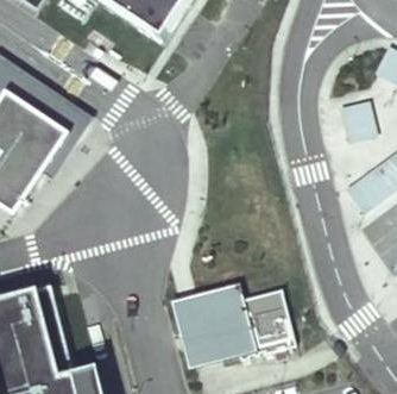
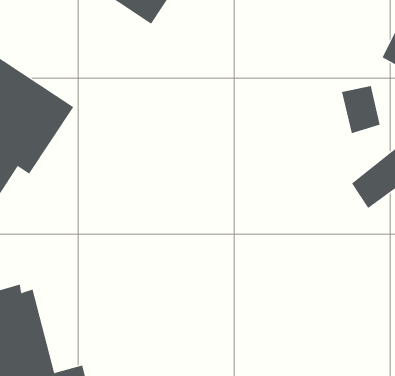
building: [172,286,296,361] -> none

